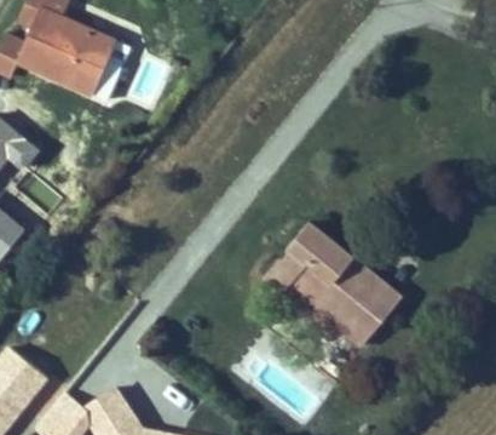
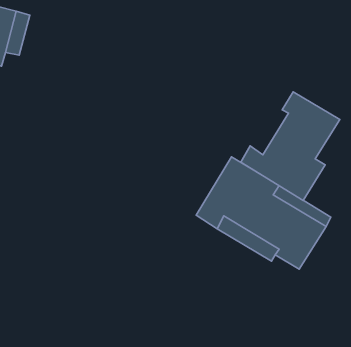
building: none -> [241,92,340,200]

